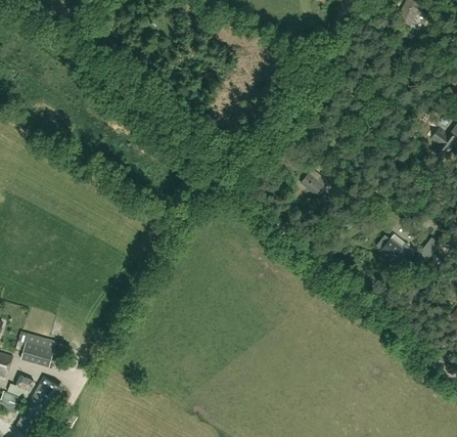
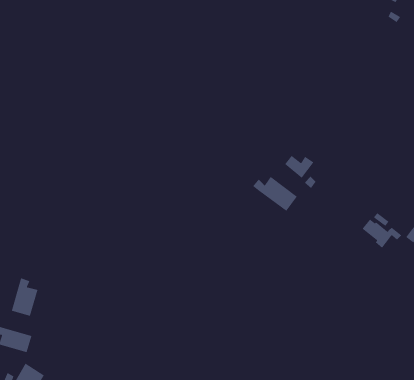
building: none -> [252,176,298,212]
building: none -> [11,277,38,317]

